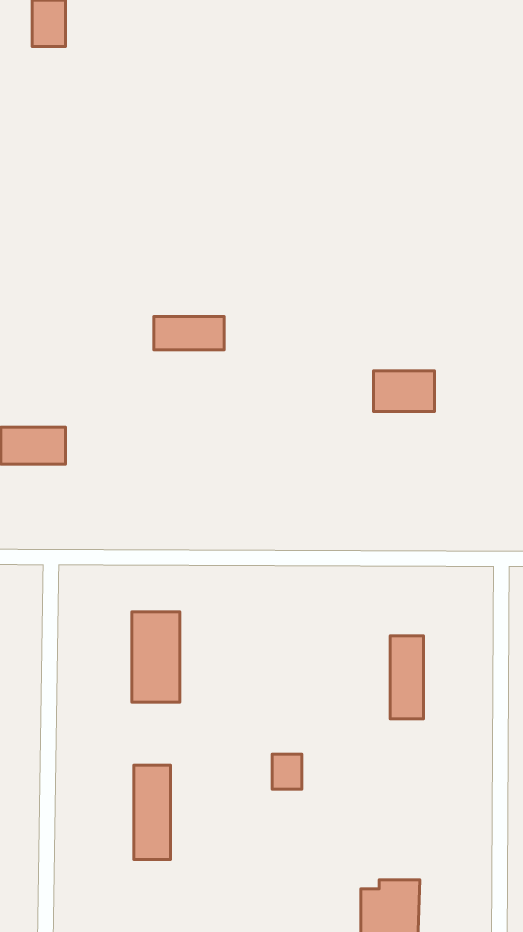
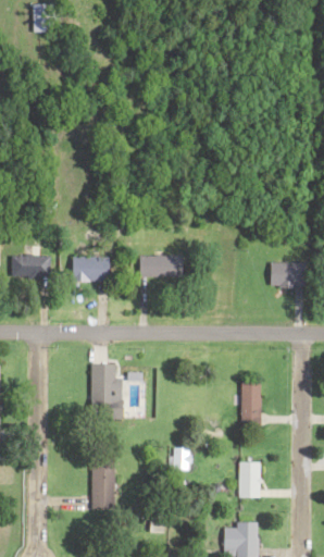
building: [154,316,224,350] -> [139,256,180,275]
building: [373,371,434,411] -> [271,262,307,286]
building: none -> [71,256,107,281]
building: none -> [239,462,261,497]

